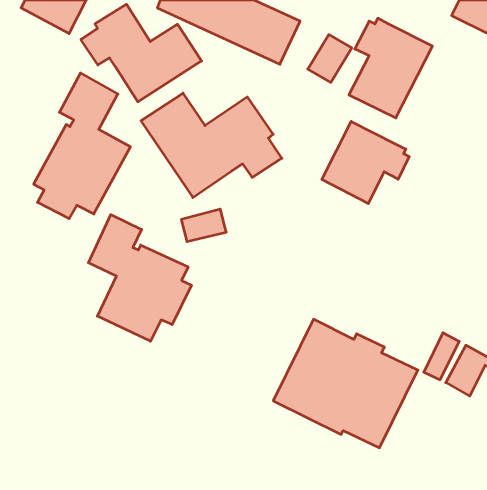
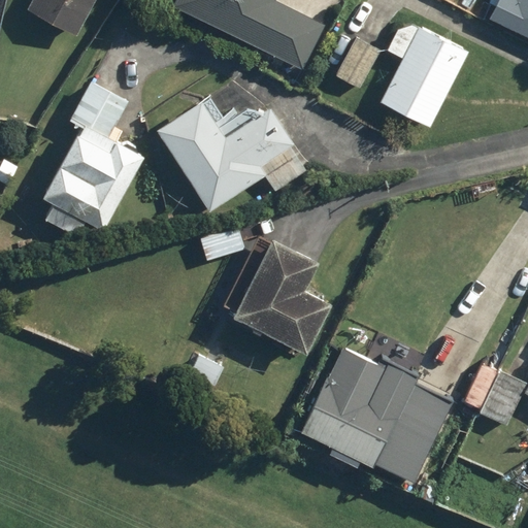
building: [81,4,202,102] -> none
building: [322,121,409,204] -> none
building: [88,215,191,341] -> none
building: none -> [232,238,330,352]

